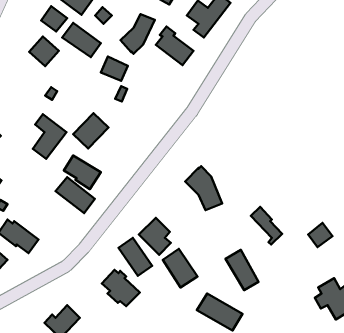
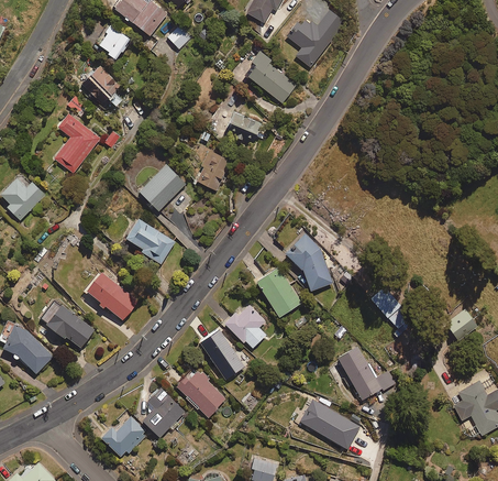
building: [121,14,155,54] -> none
building: [62,23,101,57] -> none
building: [101,57,128,81] -> [225,111,261,143]
building: none -> [197,150,230,189]
building: [33,114,66,159] -> [55,113,99,172]
building: [55,177,95,213] -> [82,271,134,318]
building: [163,249,197,288] -> [256,266,301,317]
building: none -> [142,389,185,437]

